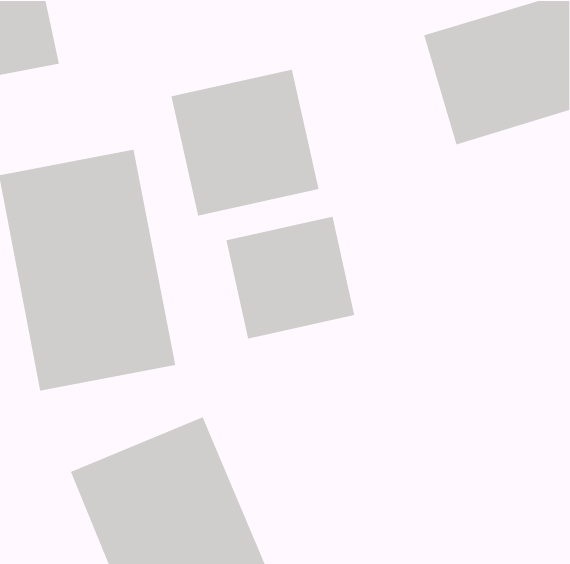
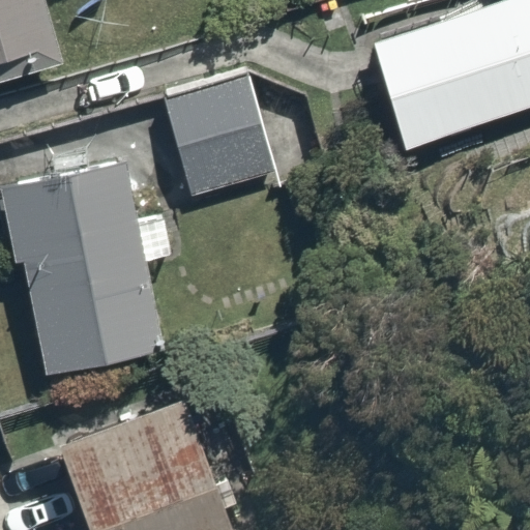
building: [226,216,355,340] -> none

